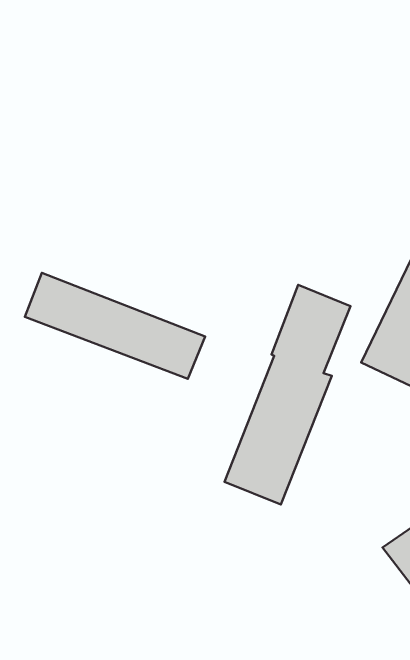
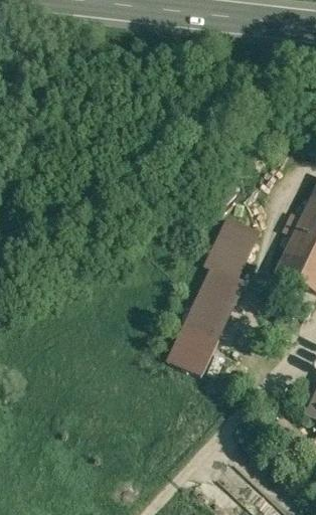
building: [25,273,205,379] -> none

